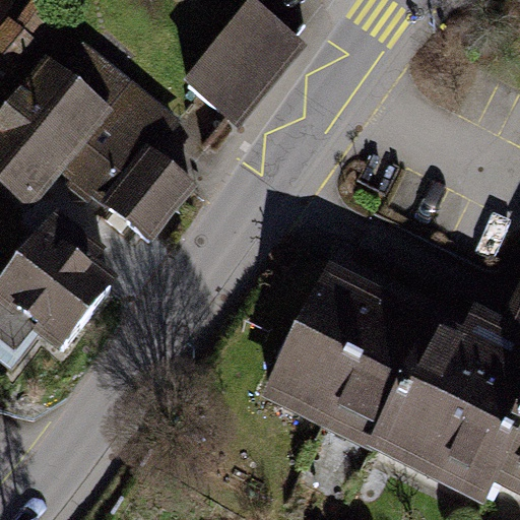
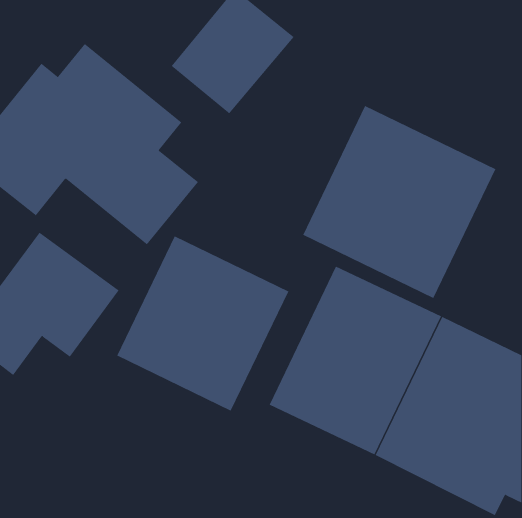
building: none -> [302,105,496,299]
building: none -> [116,235,289,412]

